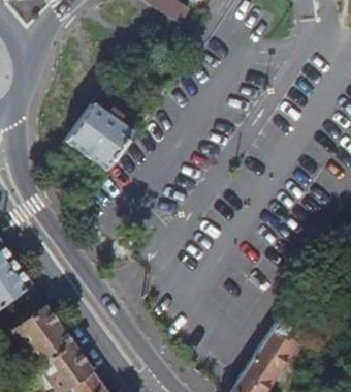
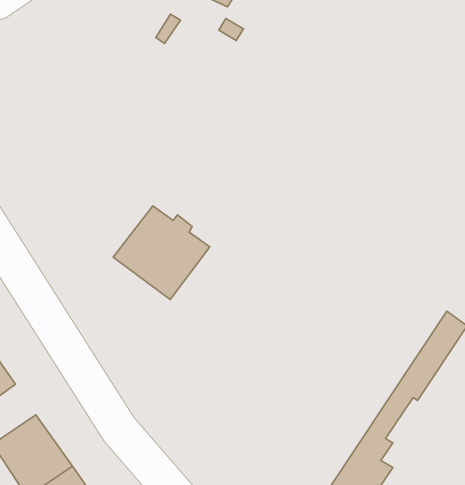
building: [67,107,135,173] -> [113,206,210,300]

